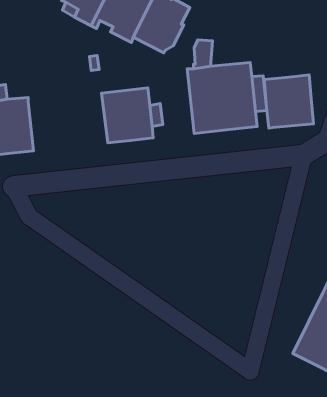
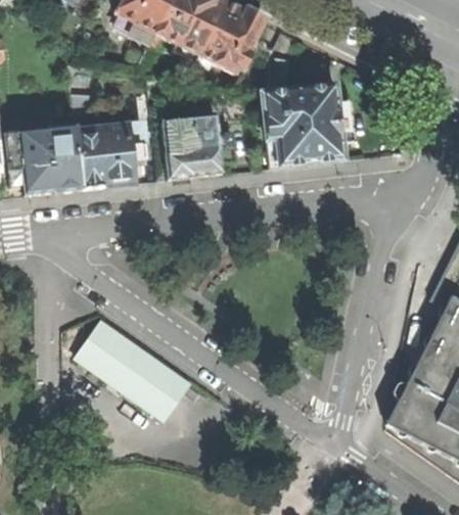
building: [264,75,314,128] -> none
building: none -> [75,123,145,187]
building: none -> [78,319,191,417]

